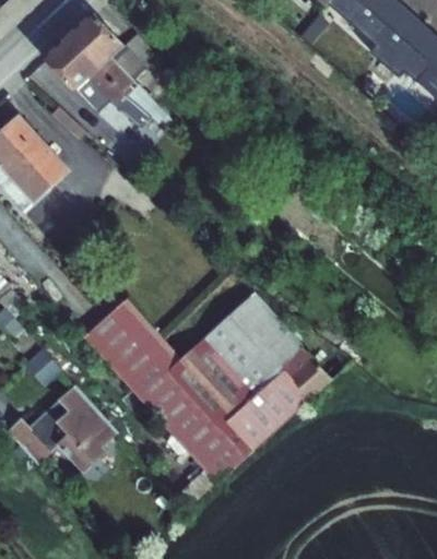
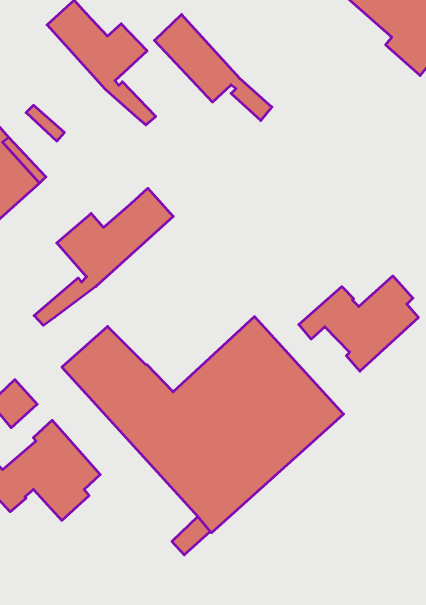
building: [45,34,149,128] -> [154,14,272,121]
building: none -> [34,188,173,325]
building: none -> [299,276,418,371]

